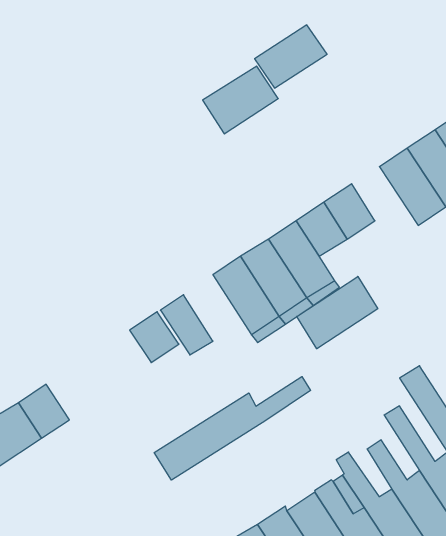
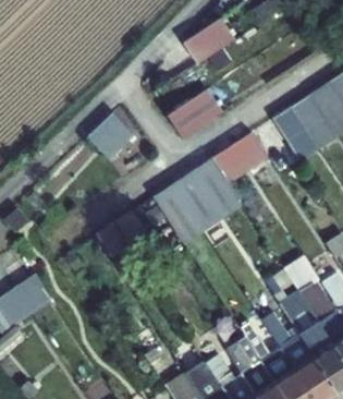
building: [203,66,278,134] -> [168,89,221,137]
building: none -> [88,112,134,158]
building: [297,276,378,349] -> none
building: [154,377,311,480] -> none

